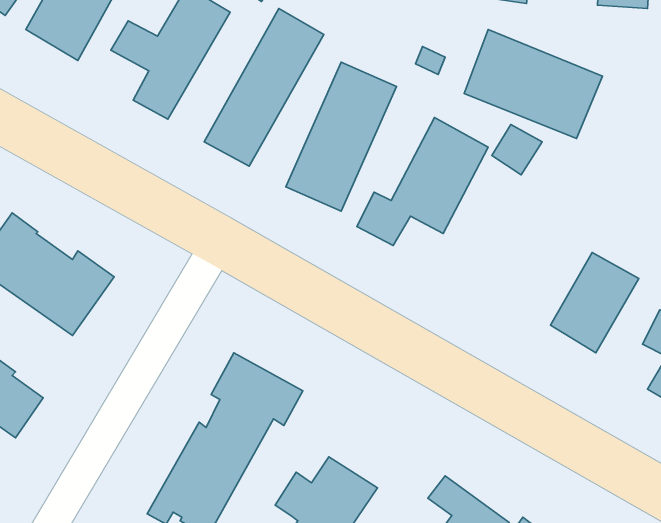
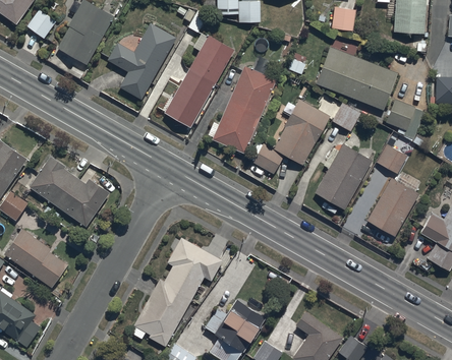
building: none -> [385,100,416,132]
building: none -> [314,144,373,212]
building: none -> [377,145,406,174]

